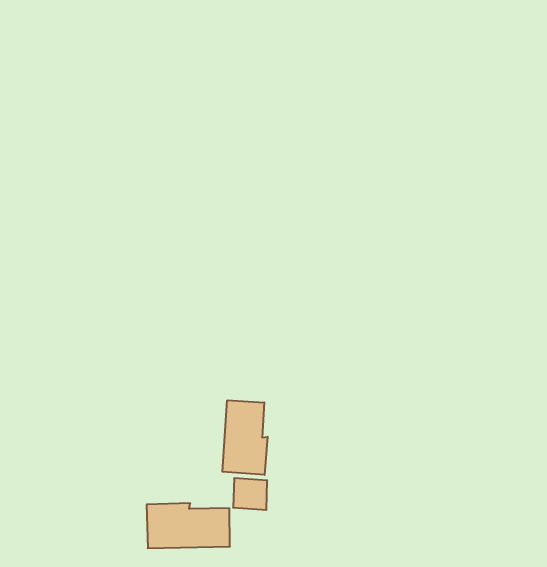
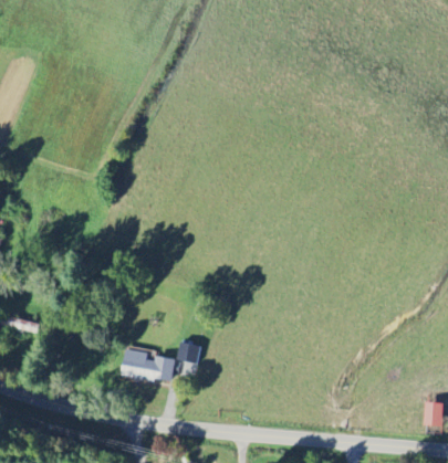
building: [222,400,268,475] -> none

